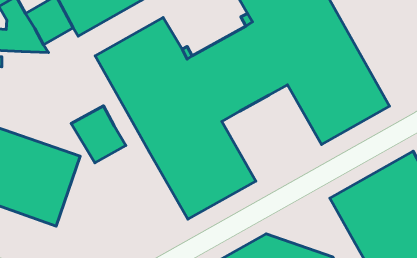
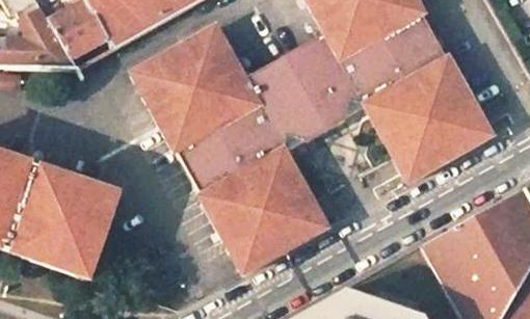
building: [71,106,126,163] -> none

